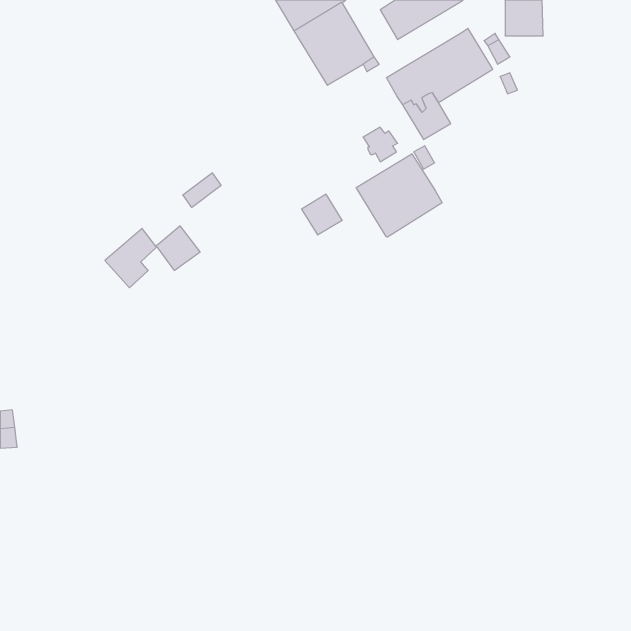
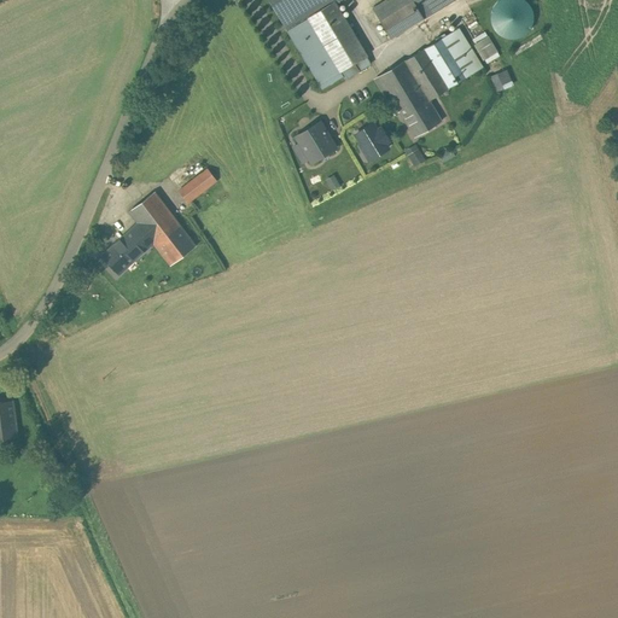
building: [356,154,442,237] -> none
building: [302,194,342,235] -> [296,122,336,162]
building: none -> [129,192,176,240]

